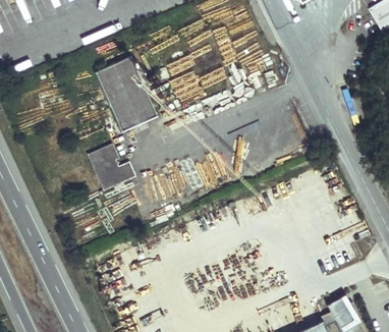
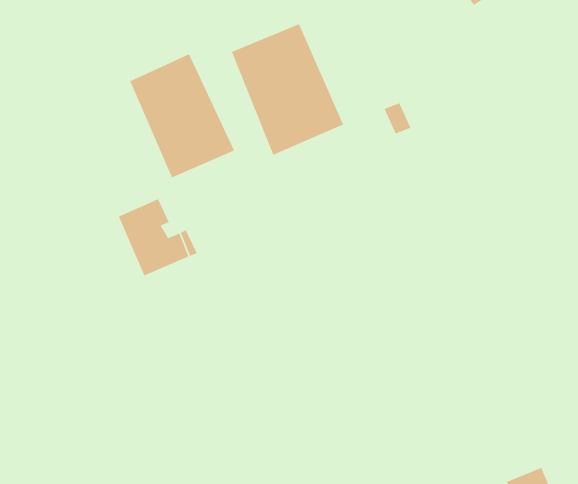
building: none -> [231,23,344,156]

